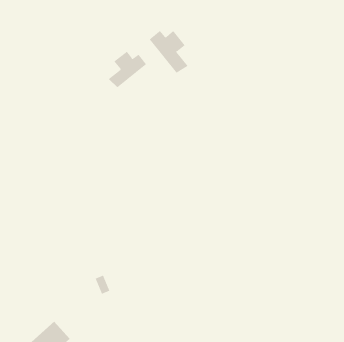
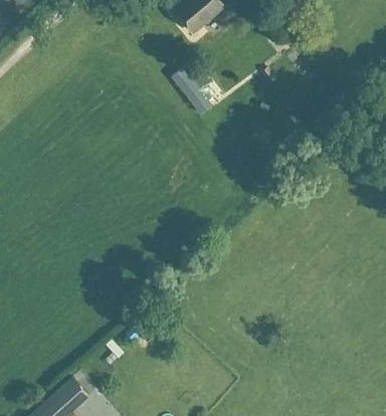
building: [108,51,147,88] -> none

